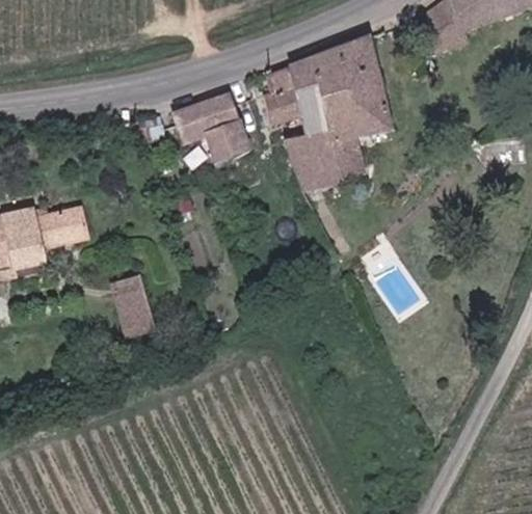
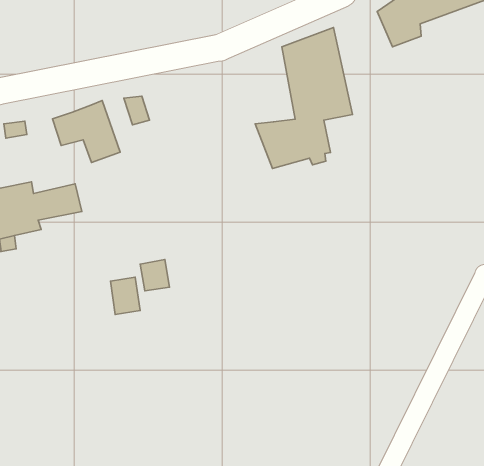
building: [259,56,324,138] -> none
building: [174,91,247,159] -> [53,101,120,163]
building: [117,277,150,312] -> [140,259,170,291]

